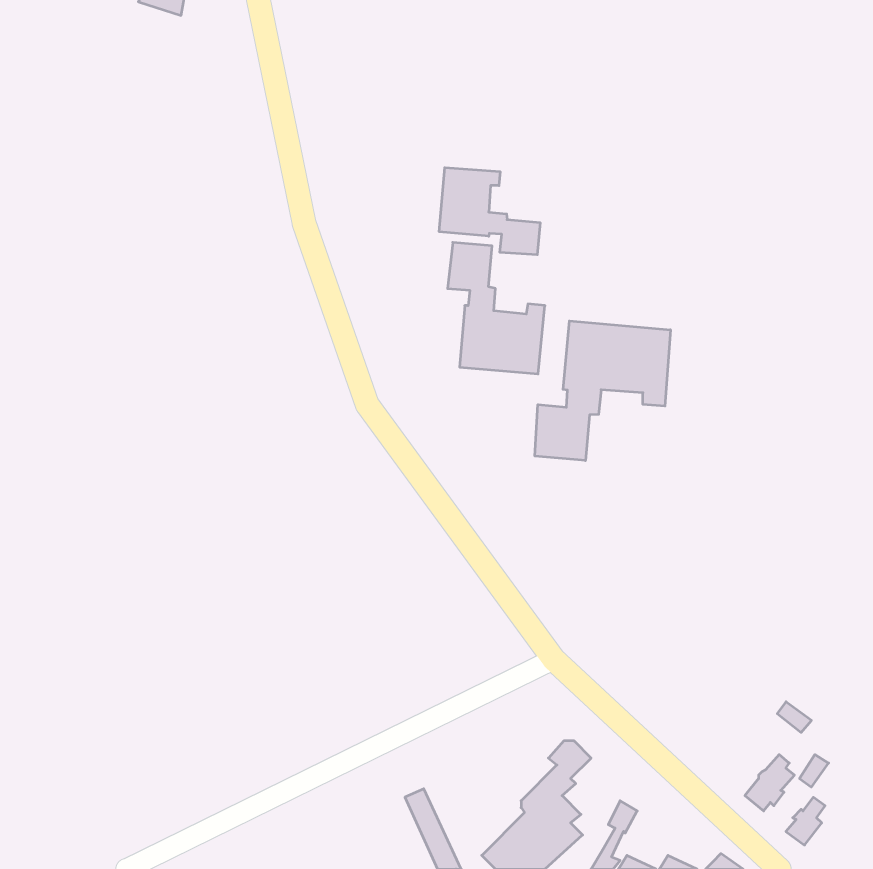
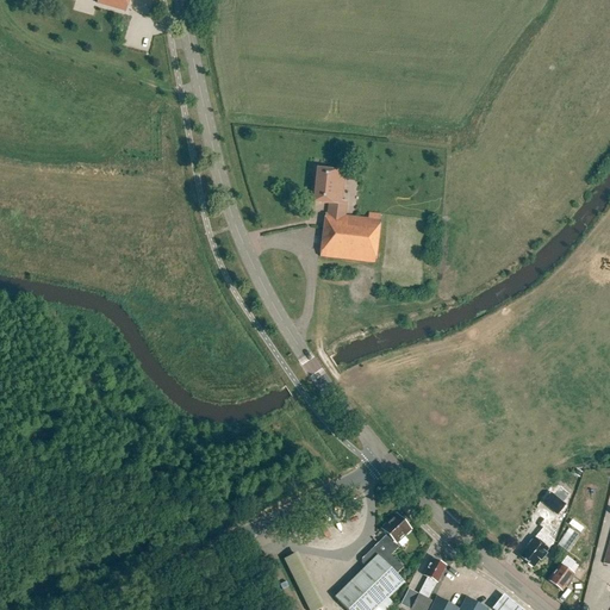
building: [439,168,540,255] -> none
building: [535,321,670,461] -> none

